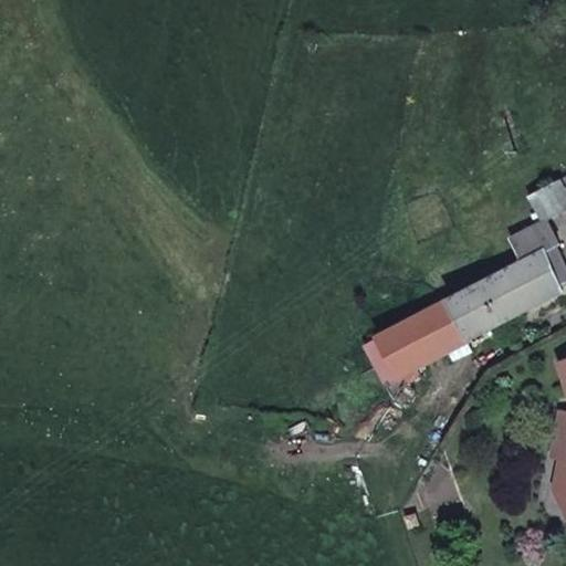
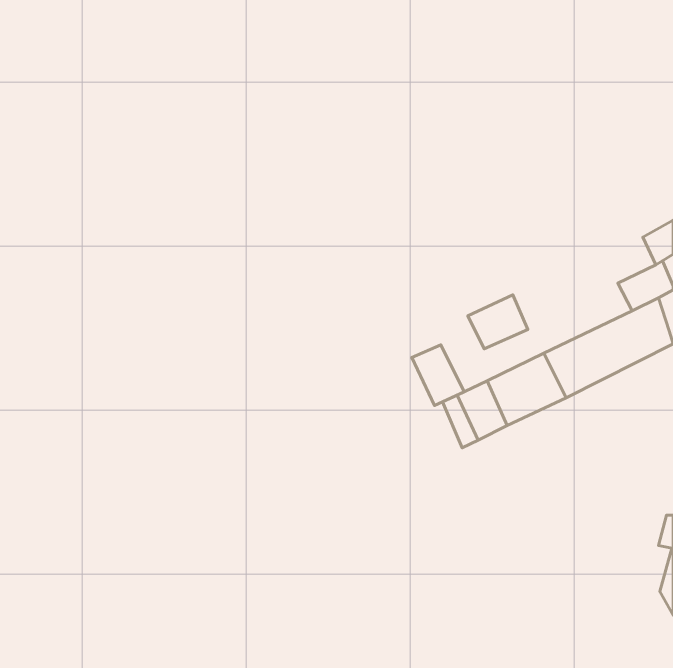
building: none -> [468,295,528,349]
building: none -> [412,345,464,406]

